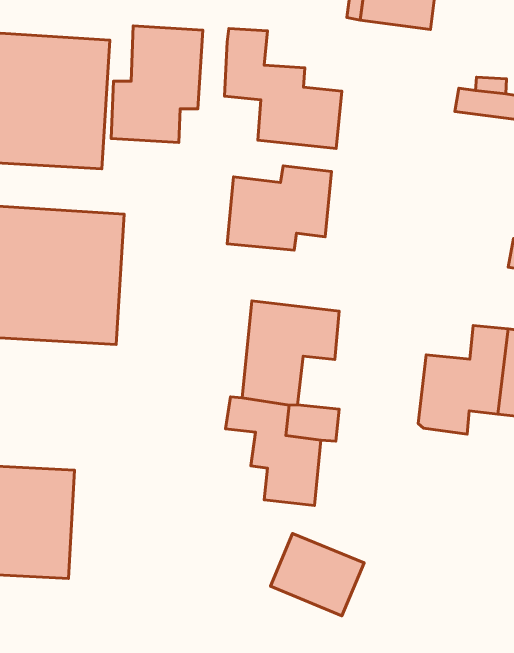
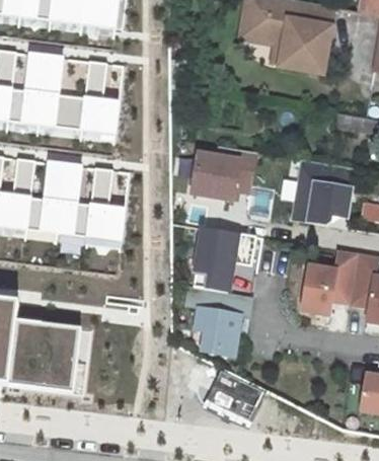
building: [111,26,203,142] -> none
building: [225,29,342,149] -> none
building: none -> [292,161,357,226]

